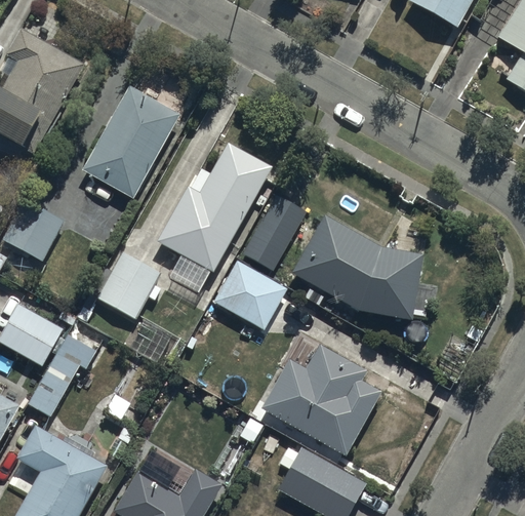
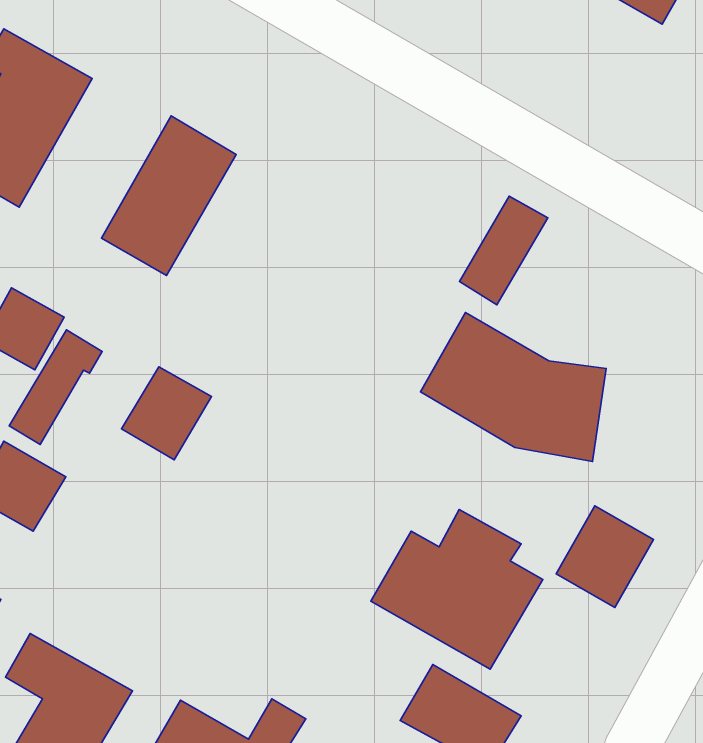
building: [162,146,270,269] -> none
building: [244,195,302,267] -> [460,196,548,305]
building: [215,264,282,325] -> none
building: [33,334,94,410] -> [9,330,102,444]
building: none -> [556,506,654,607]

